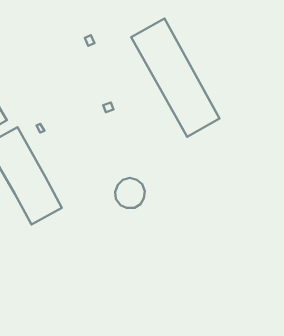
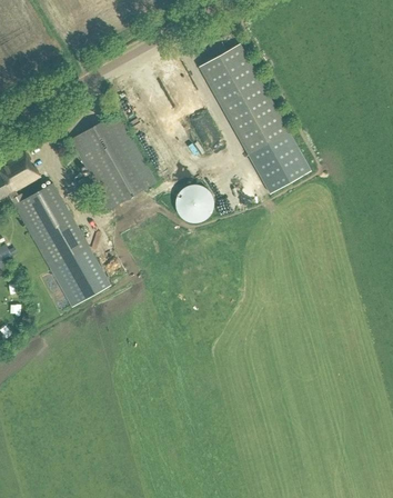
building: none -> [69,111,157,208]
building: [115,178,145,208] -> [175,183,213,221]

